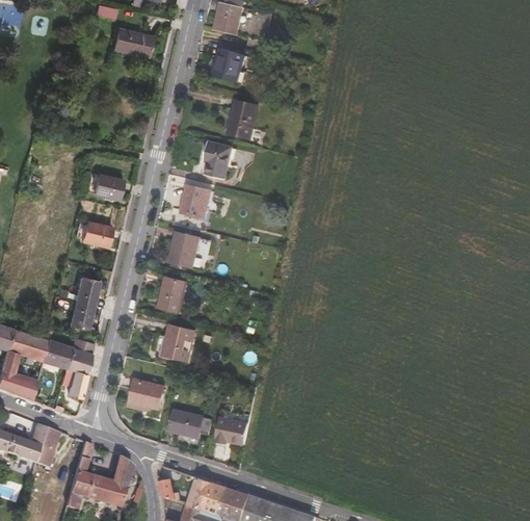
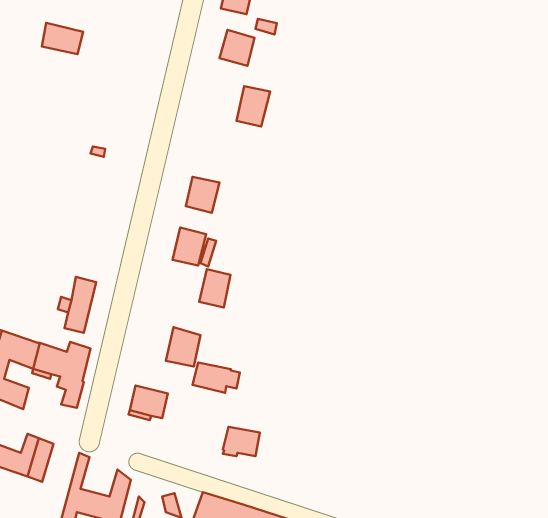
building: [112,28,151,57] -> [42,23,83,54]
building: [205,141,233,179] -> none
building: [92,174,122,200] -> none
building: [75,222,110,248] -> none
building: [157,278,186,313] -> [199,269,230,307]
building: [168,410,212,438] -> [193,363,240,393]

